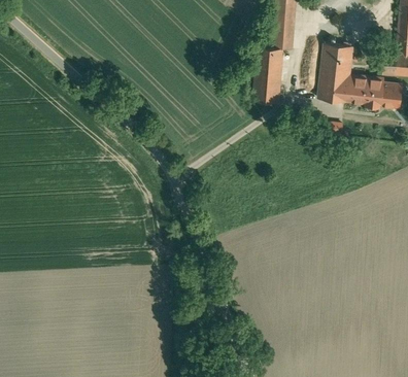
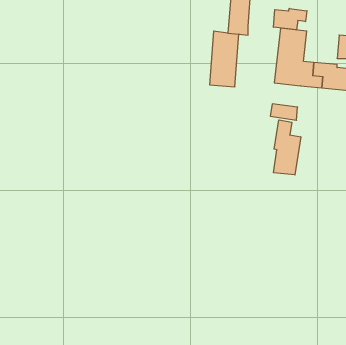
building: none -> [273,8,307,30]
building: none -> [274,120,301,175]

